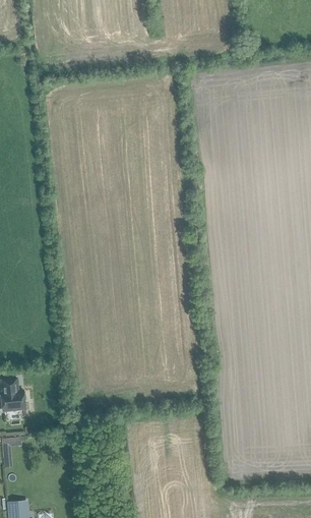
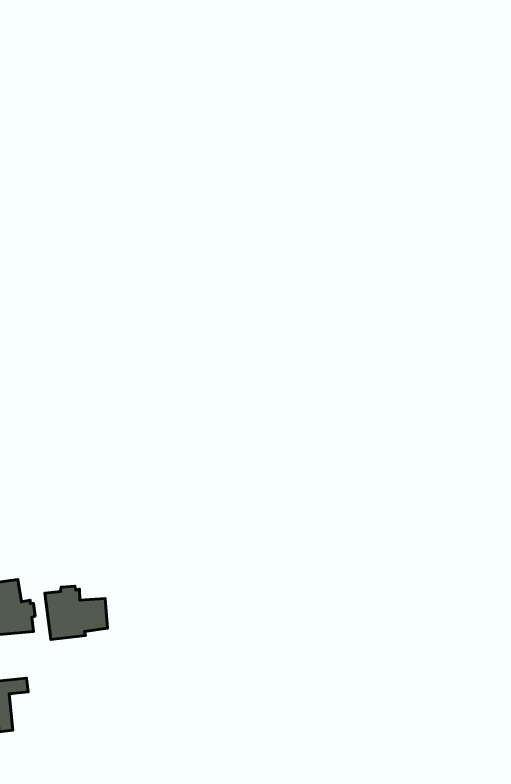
building: none -> [45,586,108,640]

